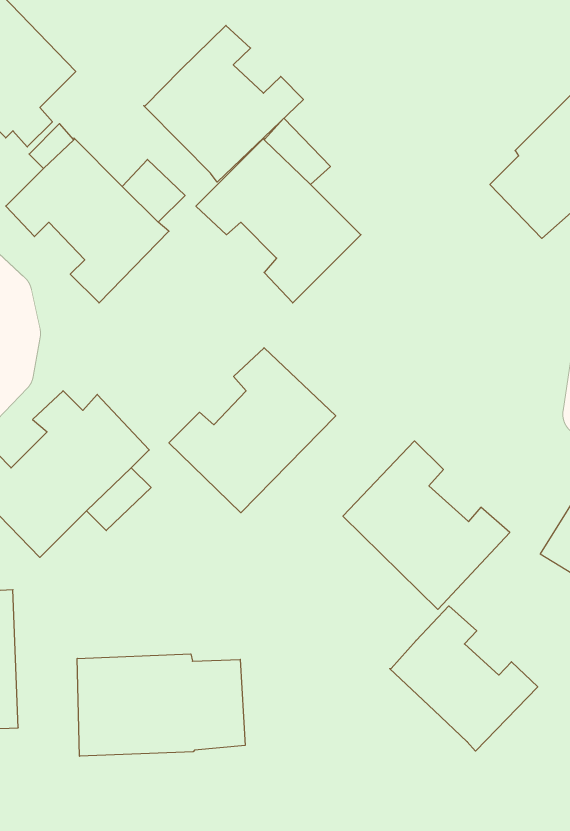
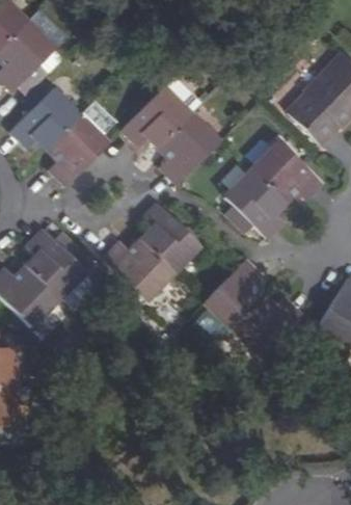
building: [144,25,303,182] -> none
building: none -> [228,142,322,236]
building: [390,606,538,751] -> none
building: [77,654,245,756] -> none

